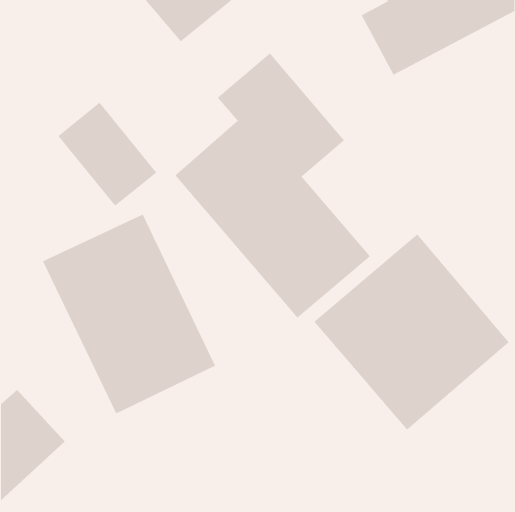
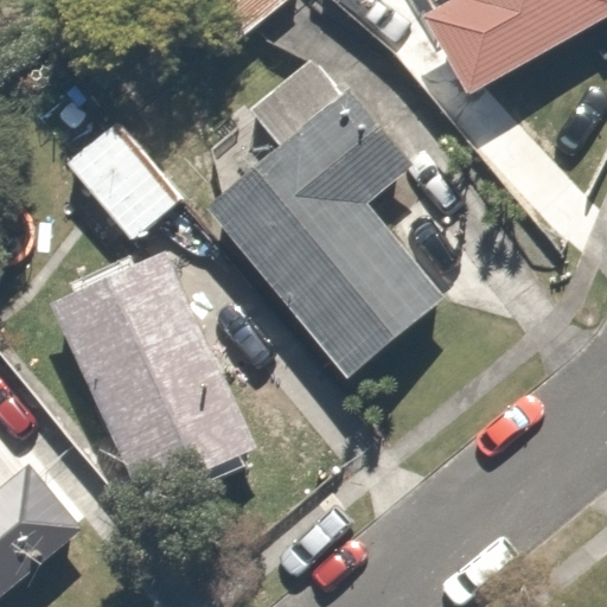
building: [313,233,509,430] -> none

